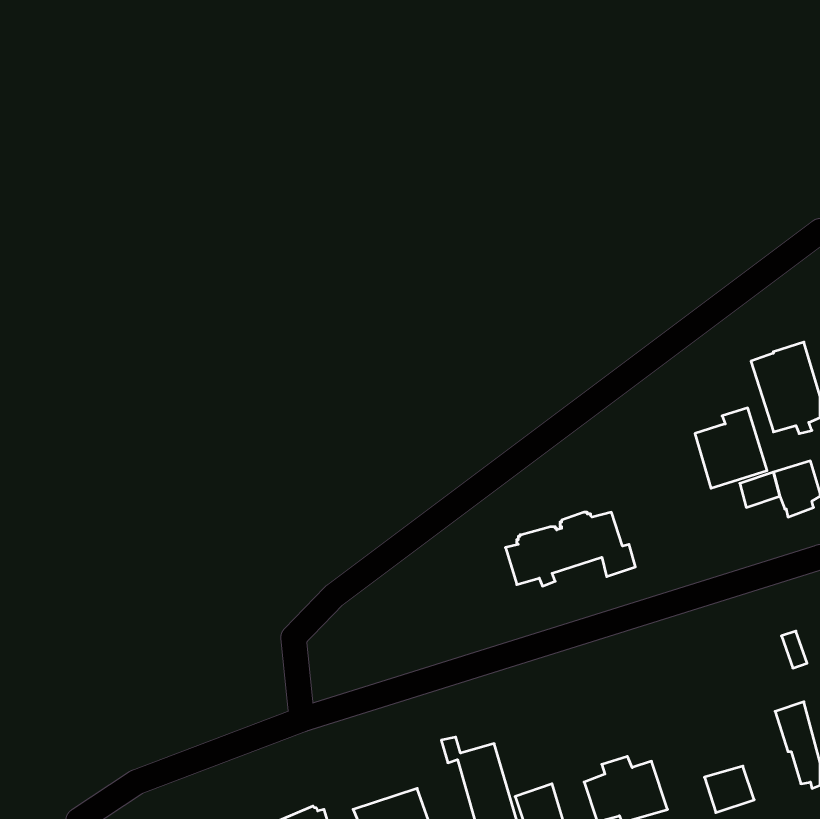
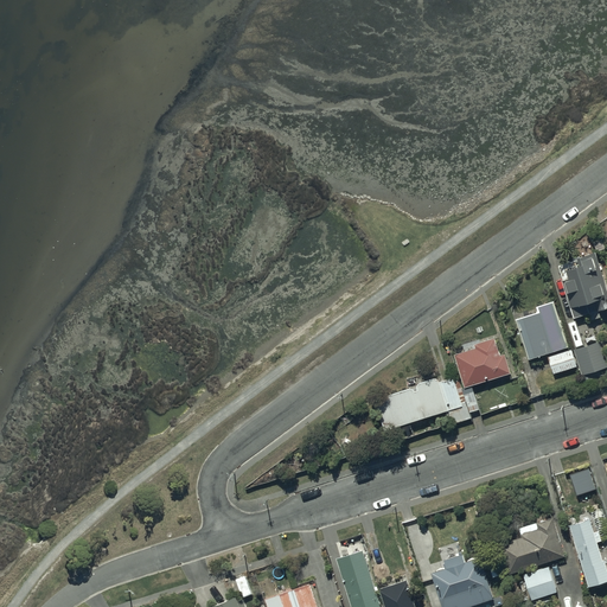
building: none -> [455,339,511,413]
building: none -> [497,518,563,575]

